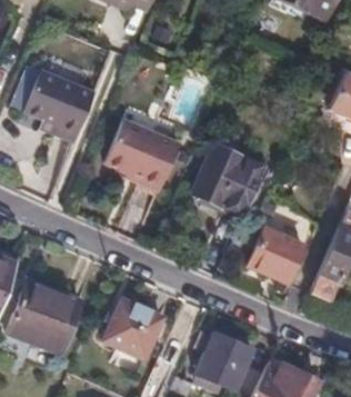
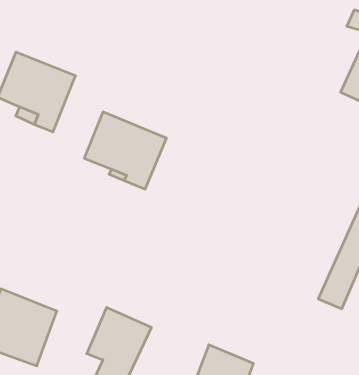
building: [194,147,263,216] -> none
building: [249,228,303,280] -> none

